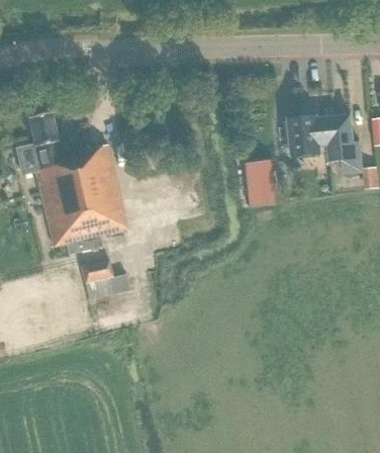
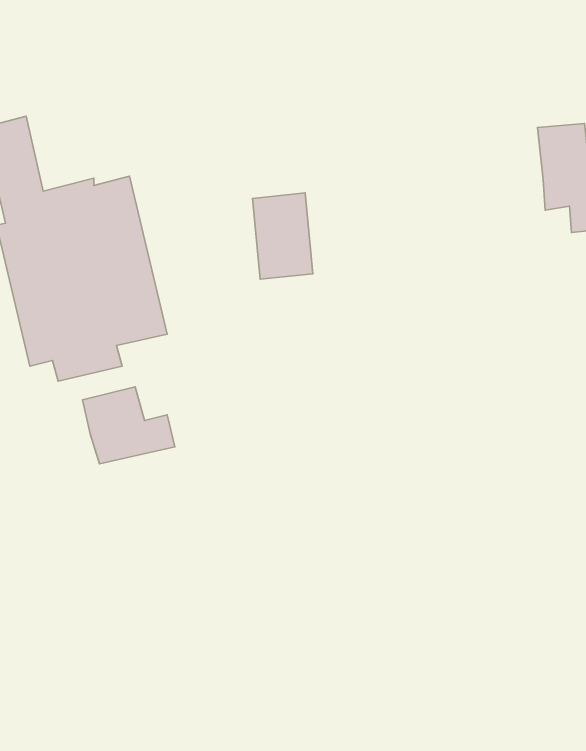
building: [288,116,328,157] -> none
building: [245,160,277,206] -> [253,193,313,279]

